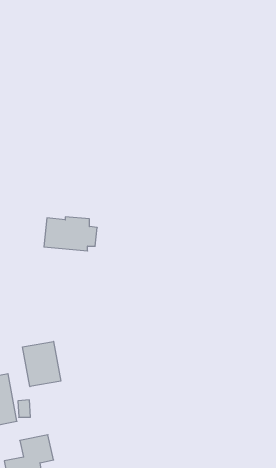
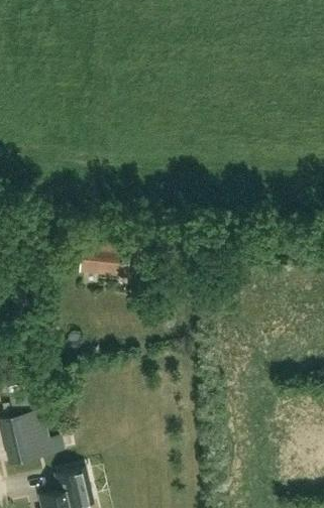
building: [23,341,61,387] -> none

